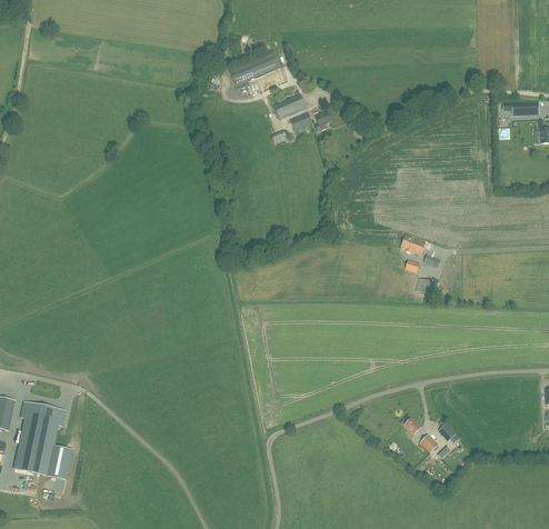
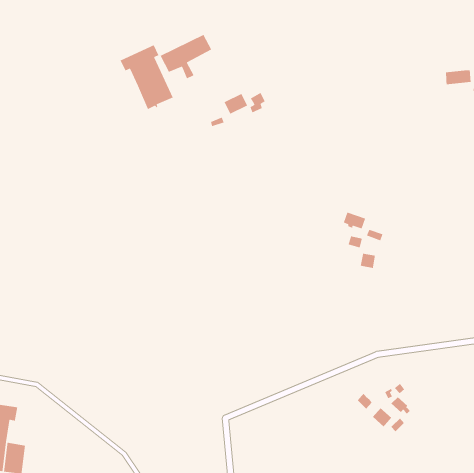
building: none -> [120,44,174,110]
building: [273,93,306,119] -> none

